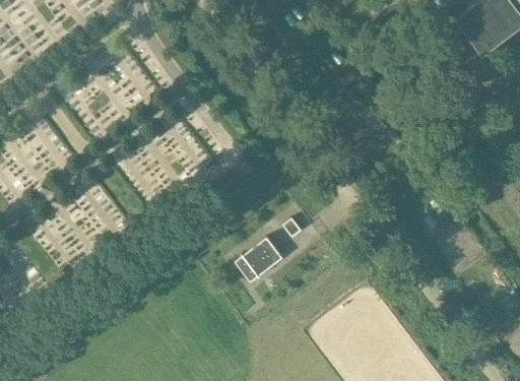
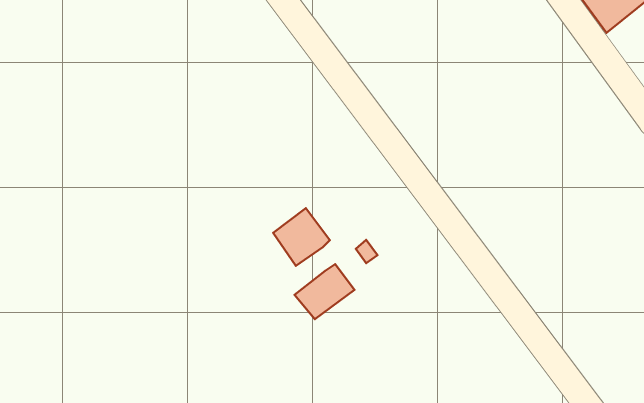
building: none -> [273,208,330,266]

